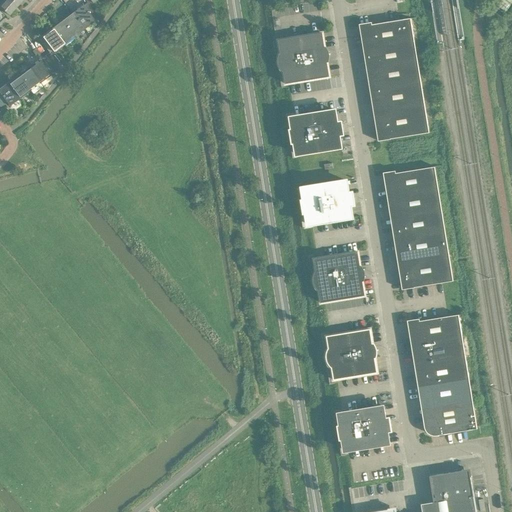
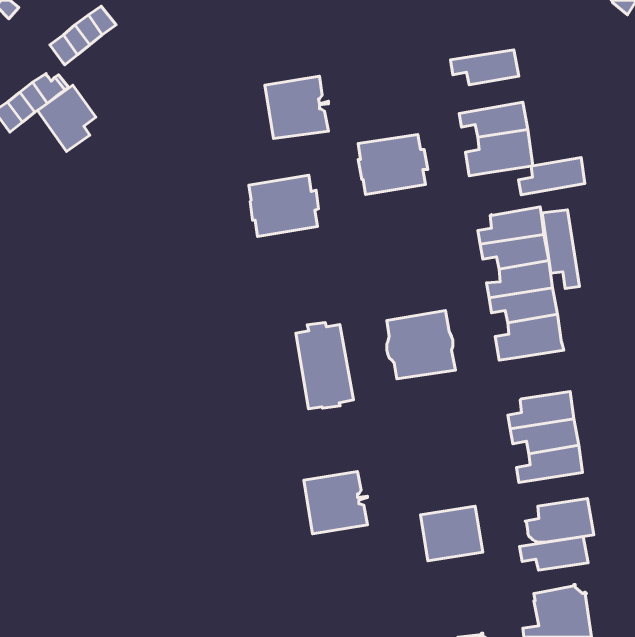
building: [359,18,412,48] -> none
building: [277,33,328,83] -> [265,76,328,139]
building: [366,61,419,91] -> [519,157,585,195]
building: none -> [38,85,96,152]
building: none -> [542,210,579,288]
building: [298,178,354,227] -> [249,175,319,236]
building: none -> [296,322,354,409]
building: [325,329,376,379] -> [304,471,367,534]
building: [416,379,471,406] -> [520,537,588,570]

